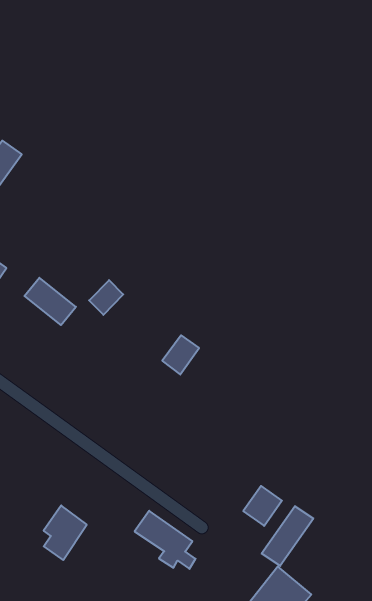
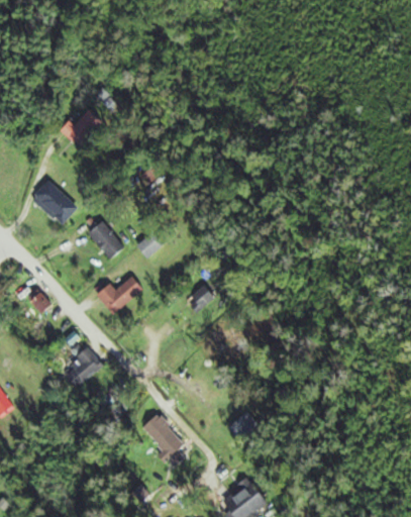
building: none -> [96,276,142,314]
building: [44,505,87,560] -> [66,345,102,388]
building: [262,506,313,566] -> none

